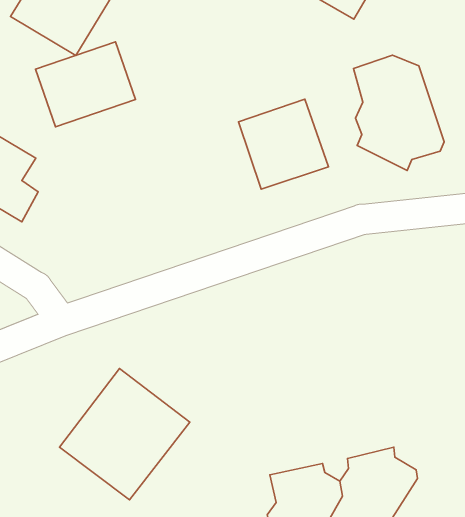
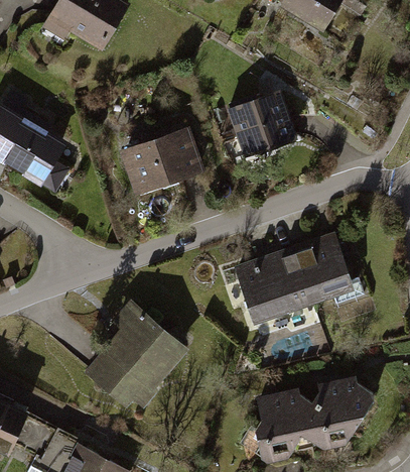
building: [35,42,136,127] -> [124,126,204,195]
building: [354,55,444,171] -> none
building: none -> [239,240,355,326]

